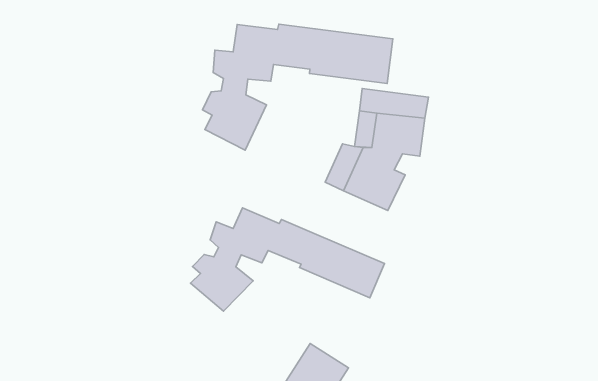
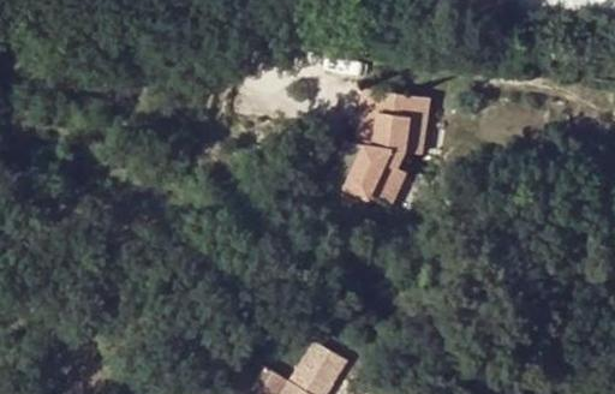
building: [203,24,393,150] -> none
building: [191,208,385,311] -> none

